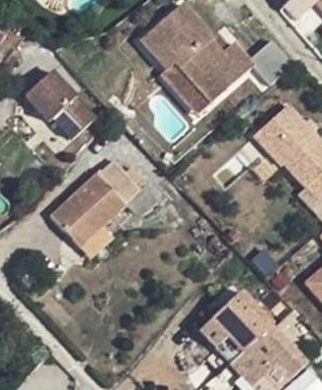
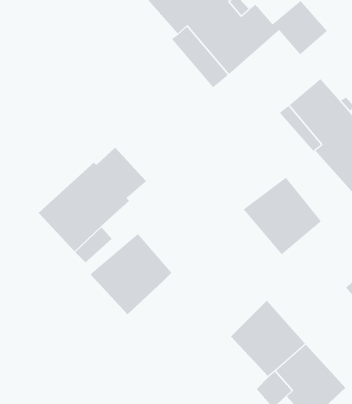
building: [22,68,98,144] -> none
building: none -> [243,177,321,255]
building: none -> [89,233,172,315]

